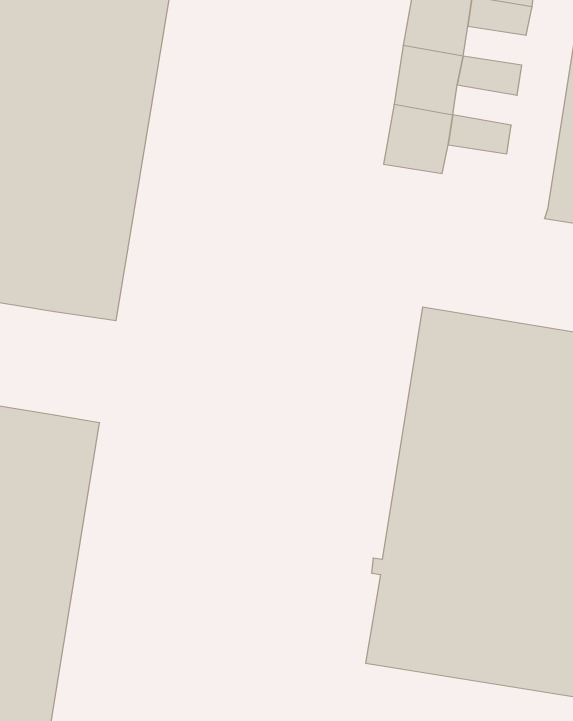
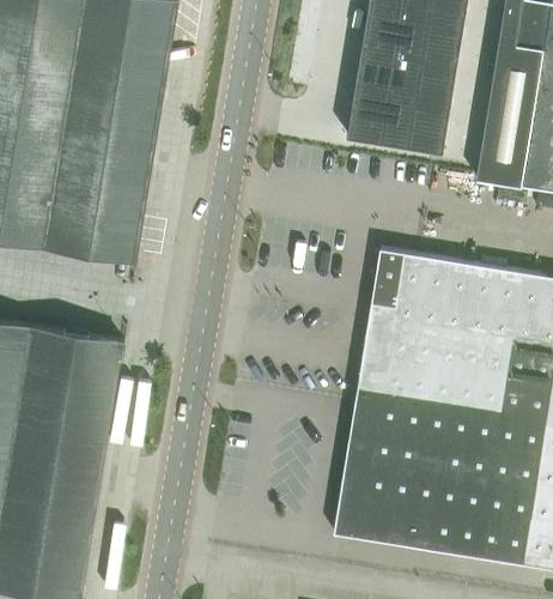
building: none -> [412,26,462,58]
building: none -> [403,73,455,105]
building: none -> [395,121,446,152]

